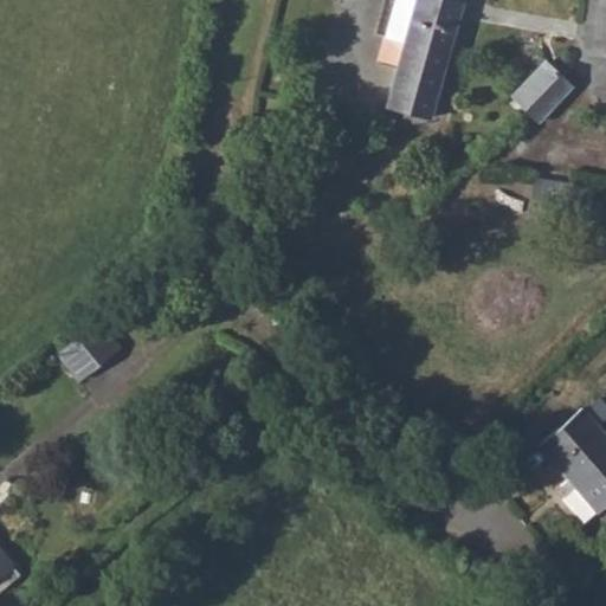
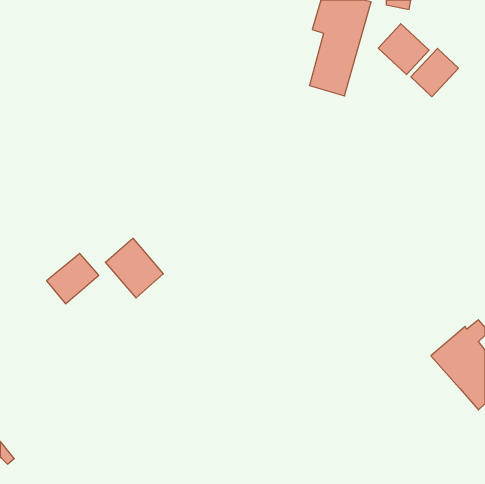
building: none -> [378,24,429,75]
building: none -> [105,238,163,298]

